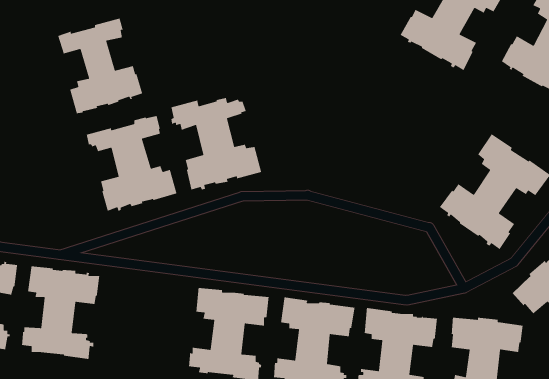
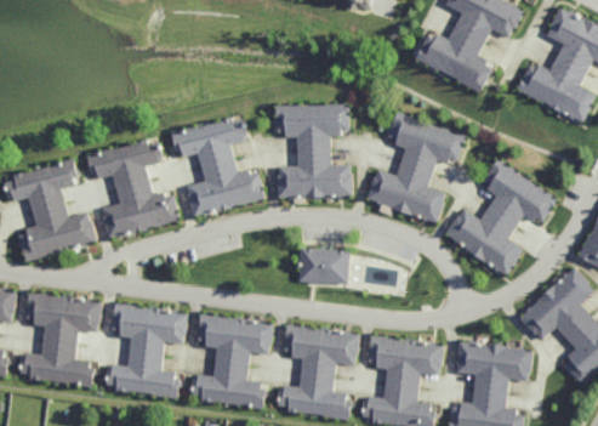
building: [57,17,143,114] -> [10,161,97,260]
building: none -> [275,106,354,197]
building: none -> [369,109,467,222]
building: none -> [300,246,351,283]
building: none -> [104,302,188,398]

